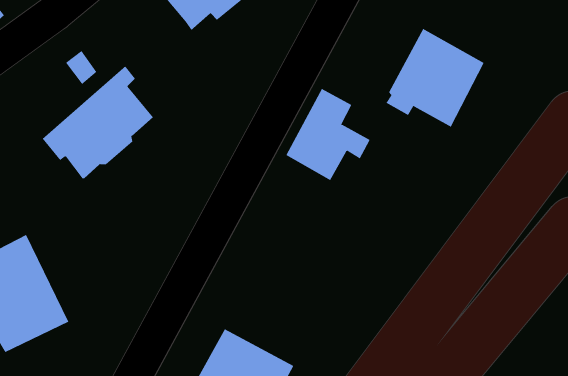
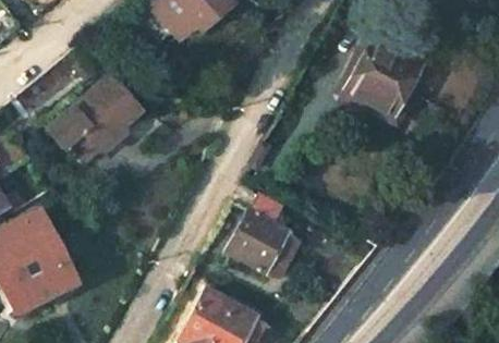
building: [285,88,370,181] -> [226,193,297,271]

